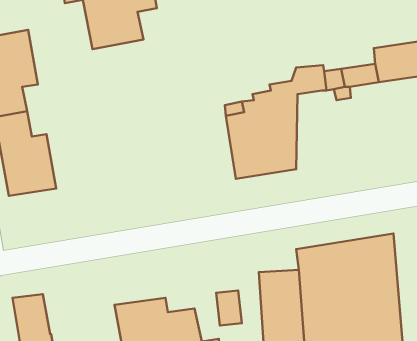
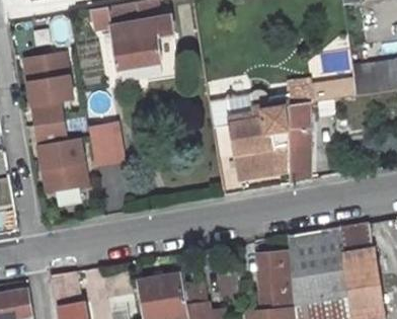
building: none -> [289,101,310,183]
building: none -> [89,121,122,160]

